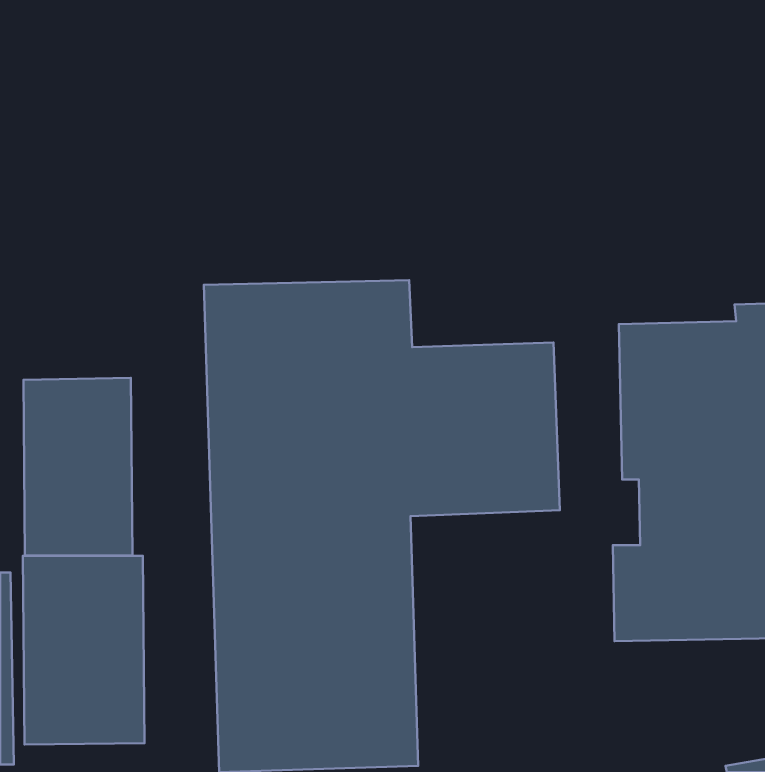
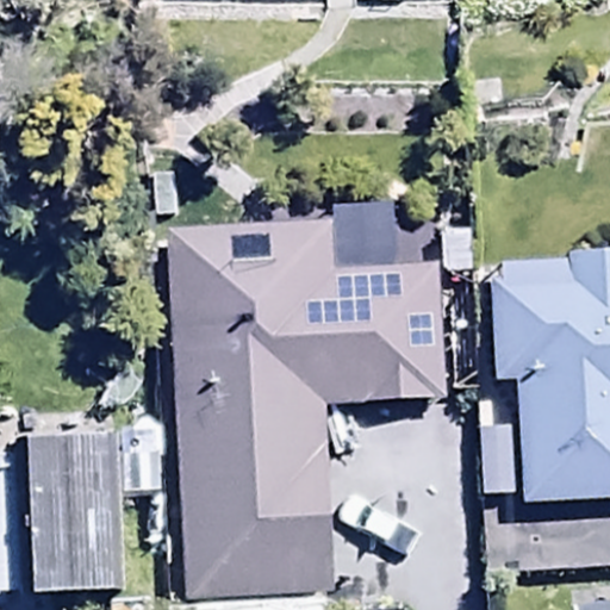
building: [24,378,132,556] -> none

